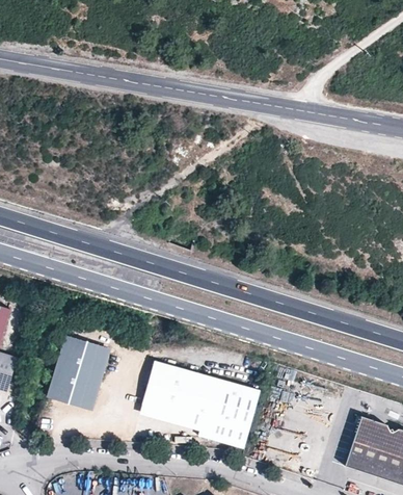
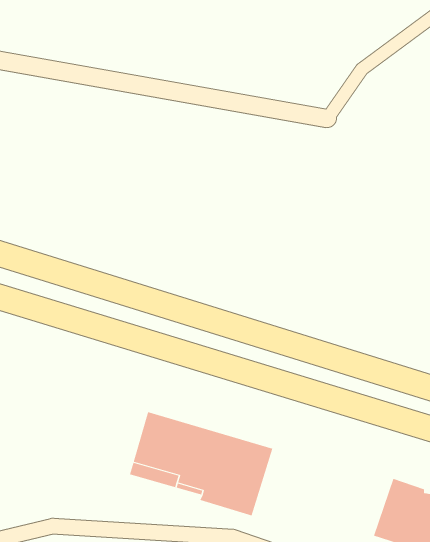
building: [46,333,111,410] -> none

